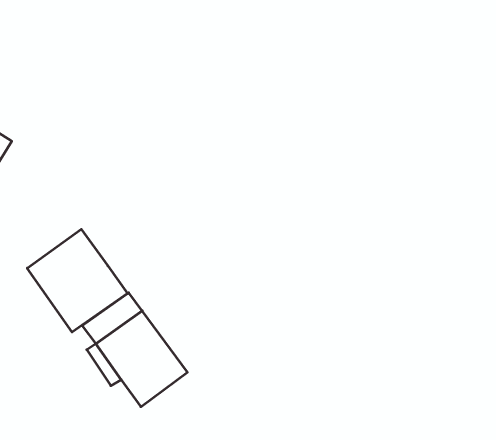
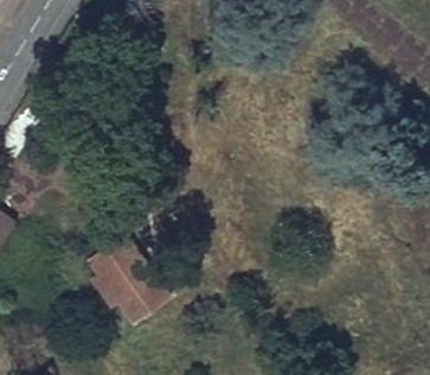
building: [27,229,128,332] -> none

